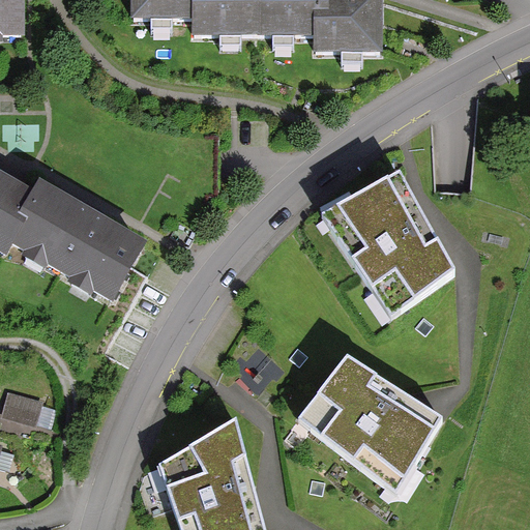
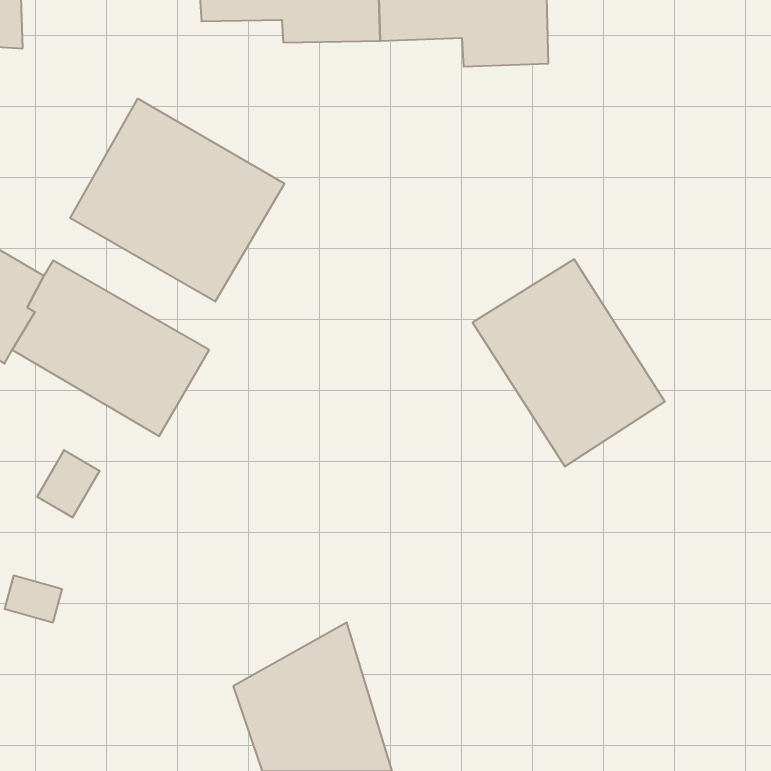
building: none -> [70,99,284,302]
building: none -> [37,450,100,518]
building: [301,361,443,494] -> none

